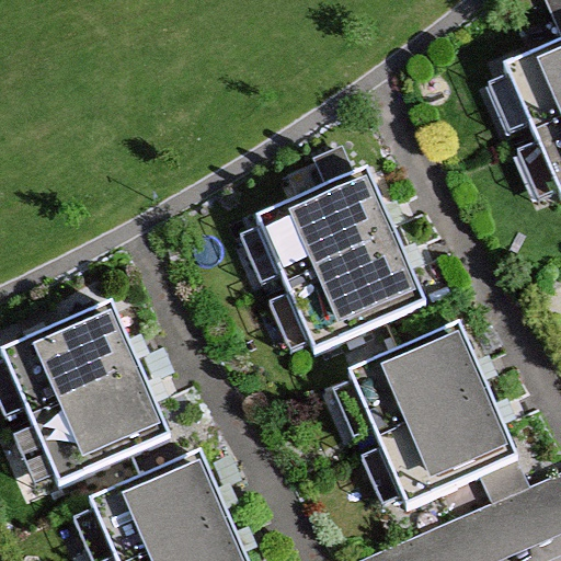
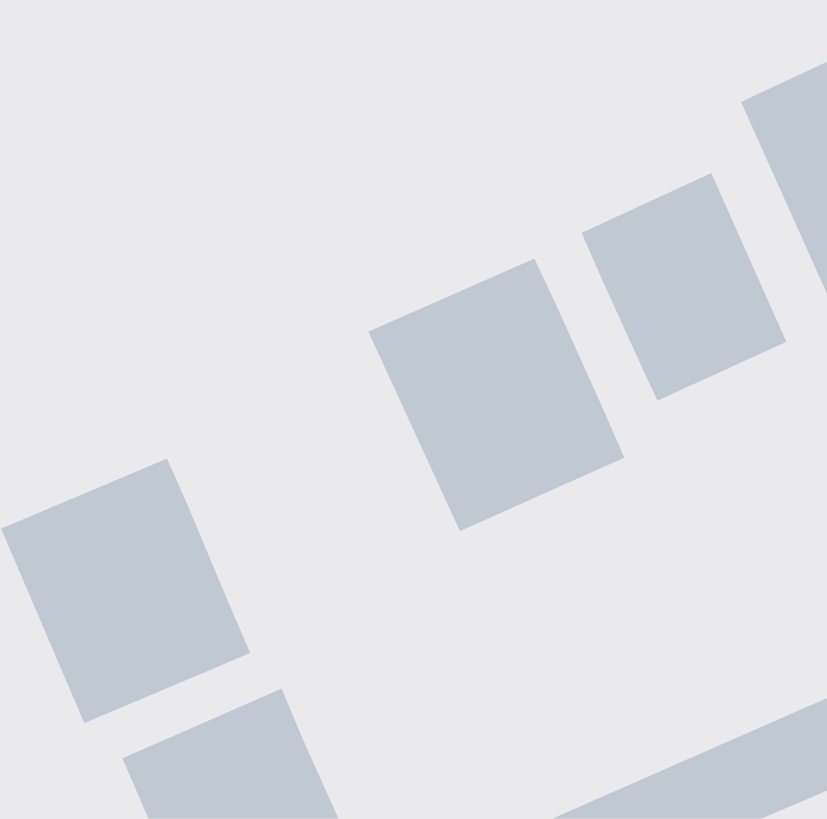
building: none -> [581,172,787,402]
building: [343,324,516,506] -> none

